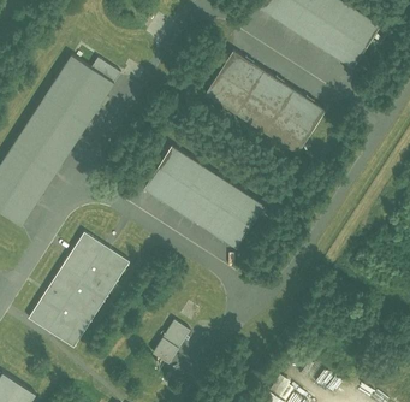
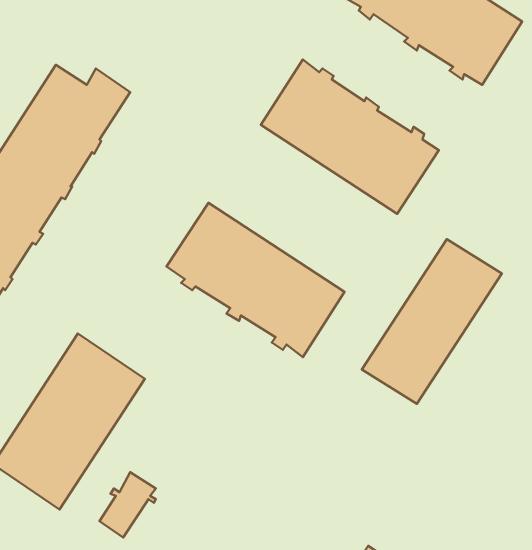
building: none -> [362,239,502,404]
building: [151,321,189,365] -> [99,472,156,537]

